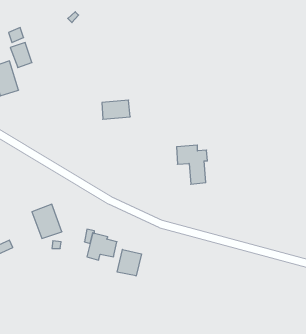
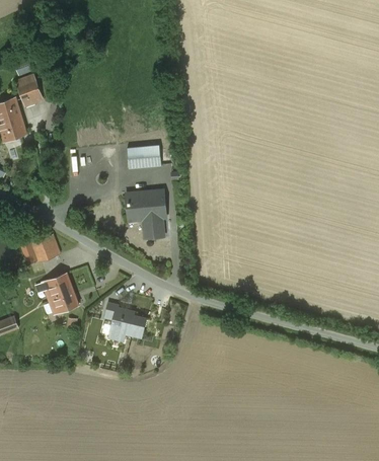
building: [177,145,207,184] -> [127,191,164,239]
building: none -> [30,235,58,262]
building: [117,249,141,276] -> none

